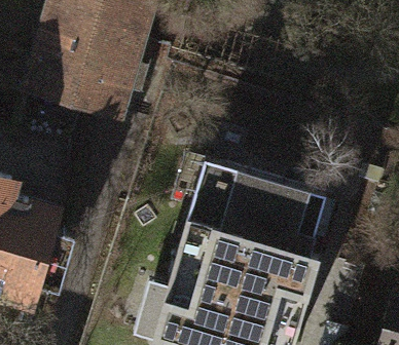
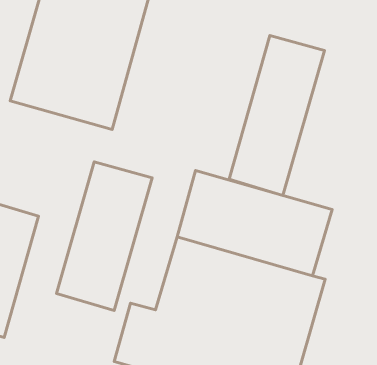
building: none -> [229,36,324,195]
building: none -> [57,162,152,311]

